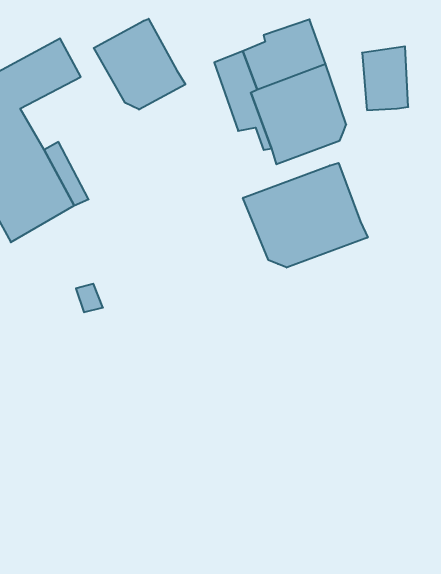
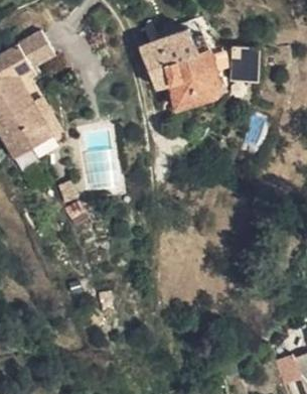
building: [94,19,185,110] -> none
building: [243,163,368,268] -> none

